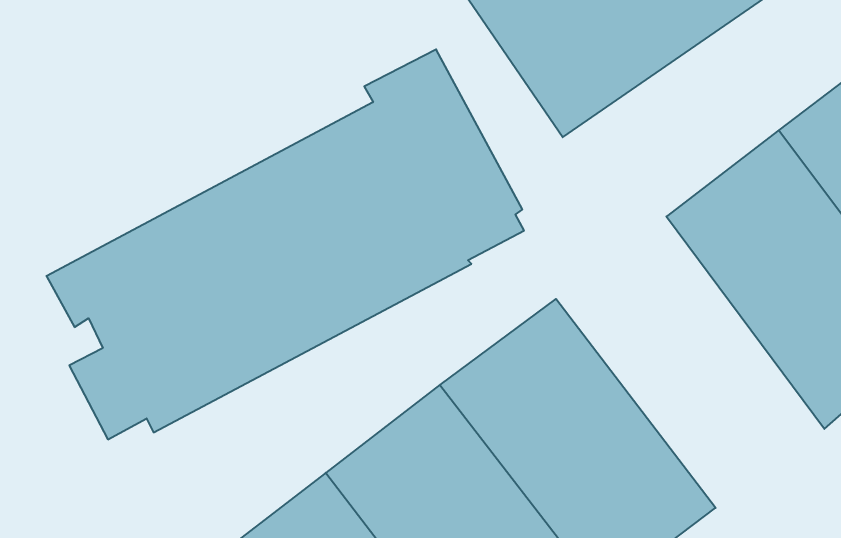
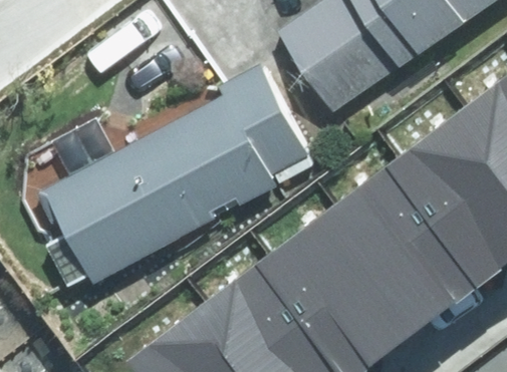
building: none -> [336,155,490,322]

